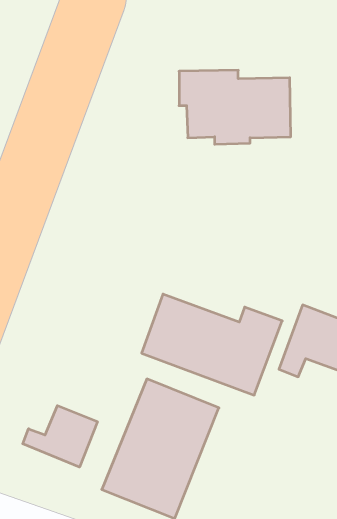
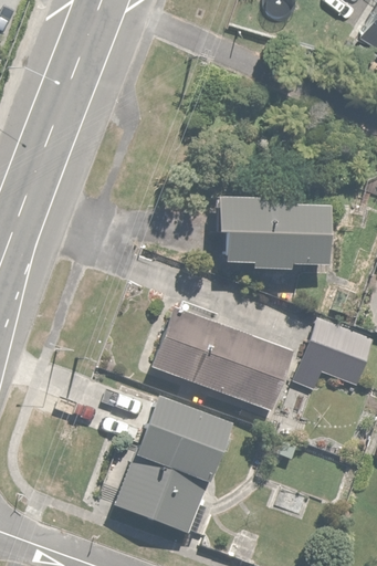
building: [179,70,291,144] -> [217,197,332,273]
building: [23,406,97,467] -> none

